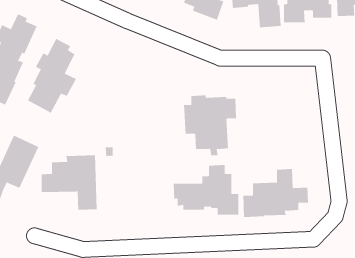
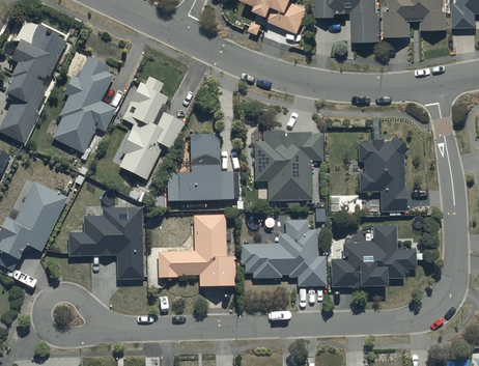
building: none -> [118,77,185,180]
building: none -> [166,134,238,201]
building: none -> [358,138,407,216]
building: none -> [157,215,234,286]

